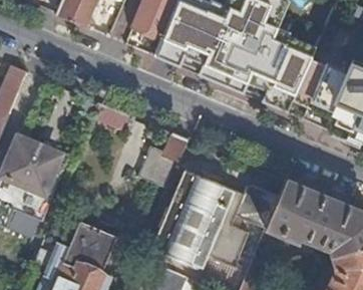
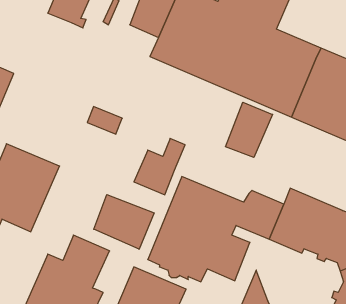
building: none -> [225,102,273,157]
building: none -> [94,195,154,249]

